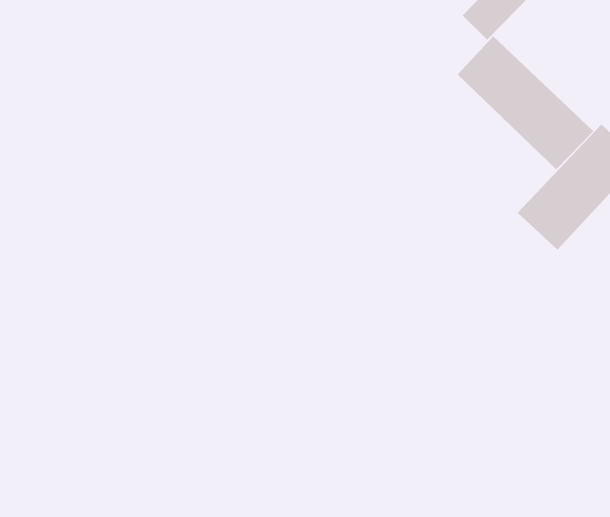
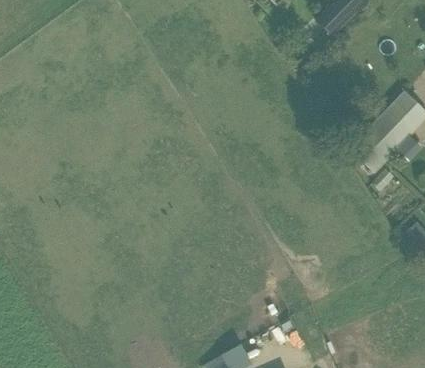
building: [457,36,594,170] -> none

